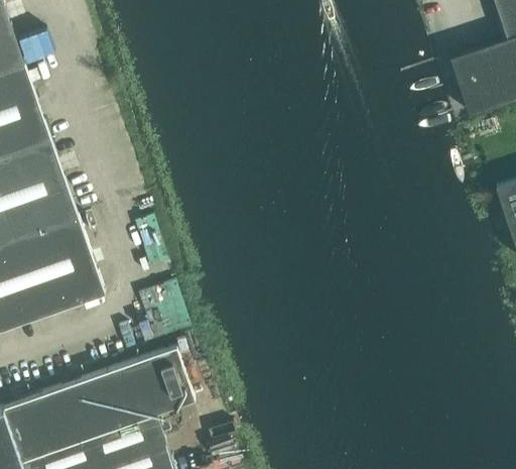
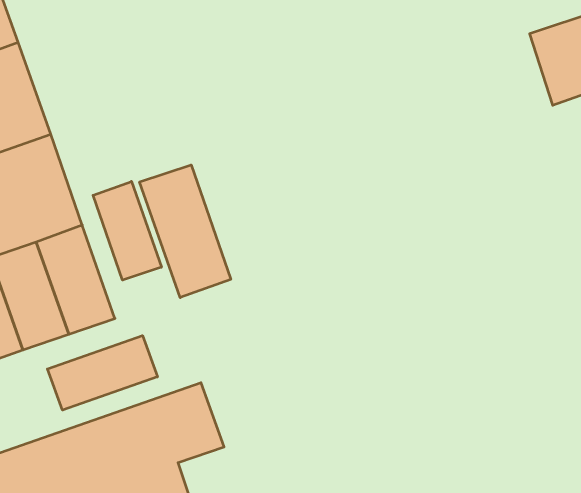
building: none -> [140,165,231,298]
building: none -> [93,181,161,280]
building: none -> [47,336,157,410]

